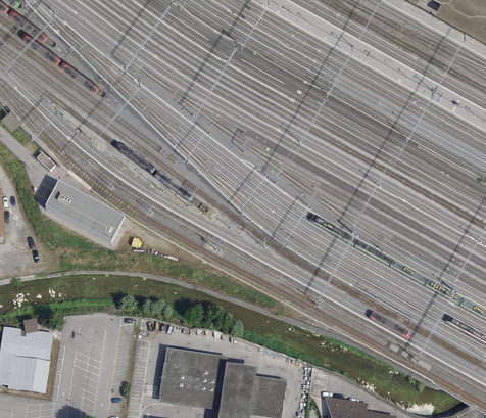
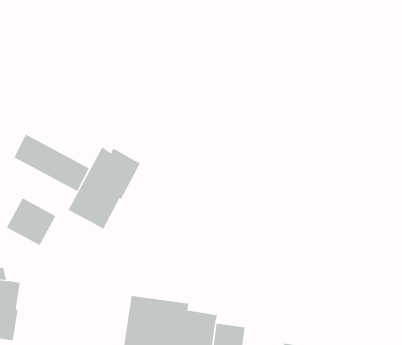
building: none -> [68,147,141,229]
building: none -> [6,198,56,246]

